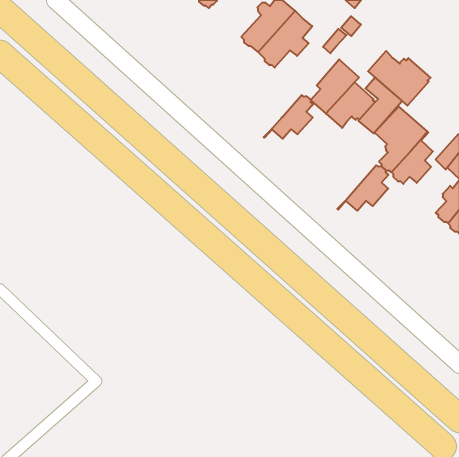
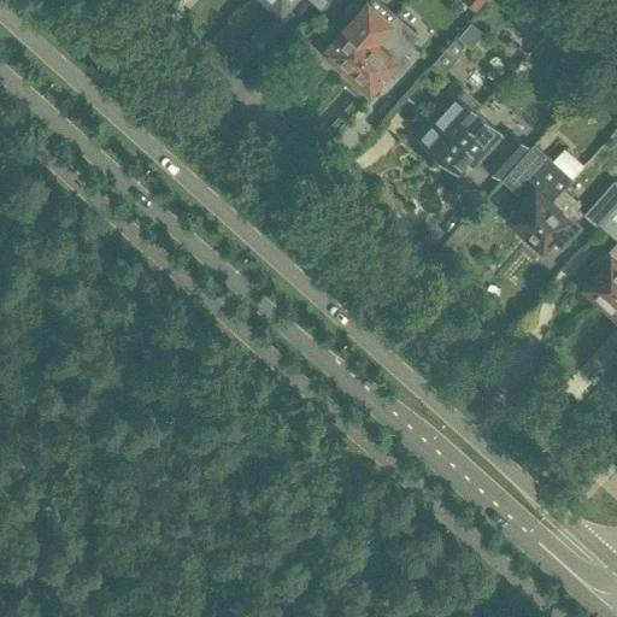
building: [368,51,431,106] -> none
building: [264,95,313,139] -> none
building: [337,165,388,211] -> none

